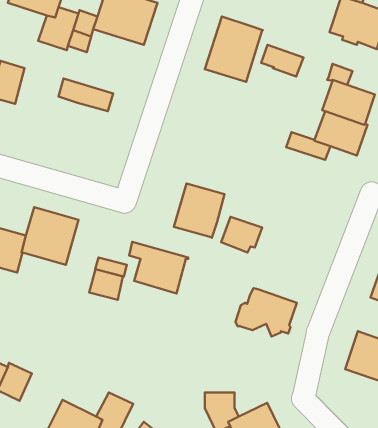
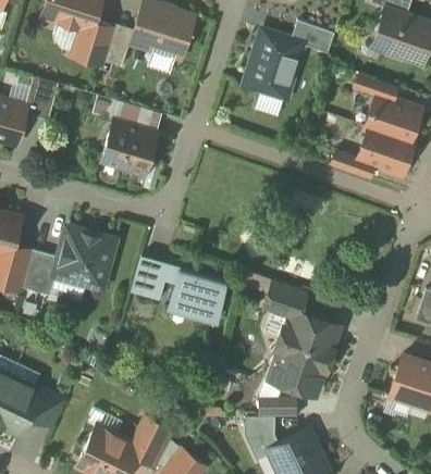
building: [261,45,303,77] -> [291,22,334,54]
building: none -> [100,120,157,175]
building: [174,183,225,238] -> none
building: [221,217,262,253] -> [263,280,306,317]
building: [89,269,123,300] -> [134,255,169,287]
building: none -> [269,348,330,396]
building: none -> [259,400,295,419]

